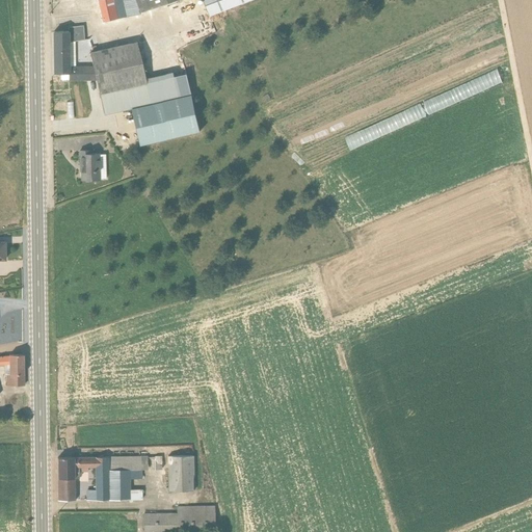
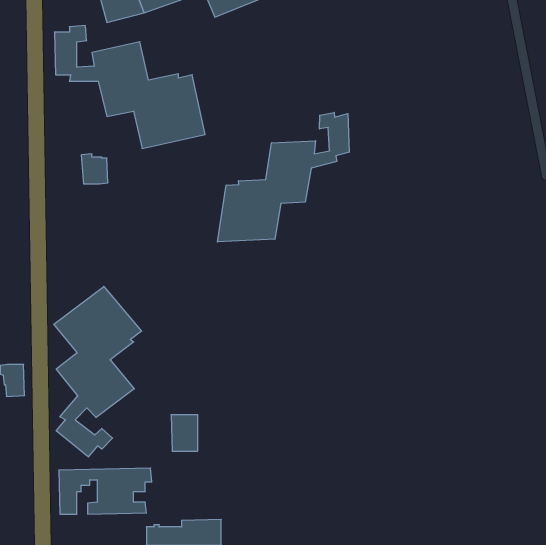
building: none -> [218,112,349,242]
building: none -> [54,286,142,457]
building: [167,455,193,490] -> [171,415,198,451]

